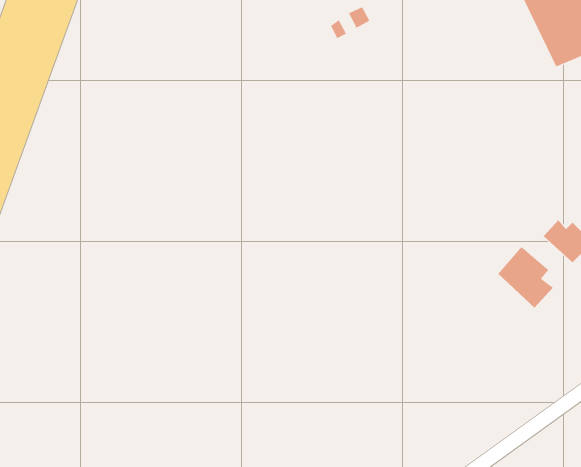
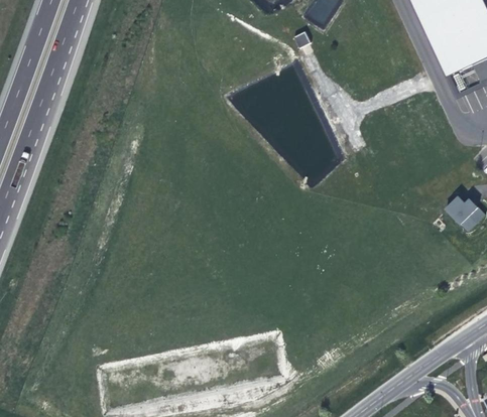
building: [498,246,554,308] -> none

